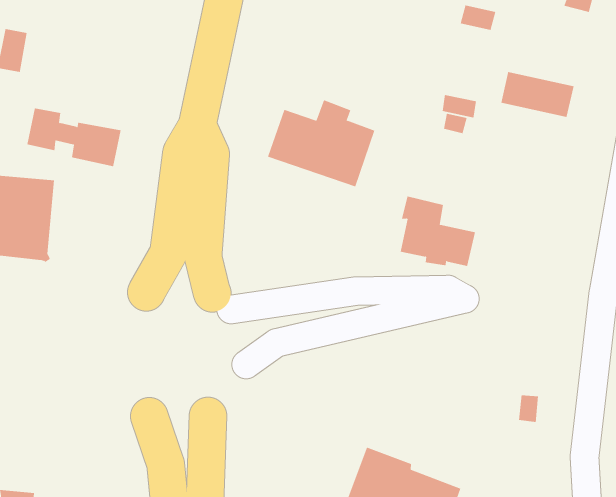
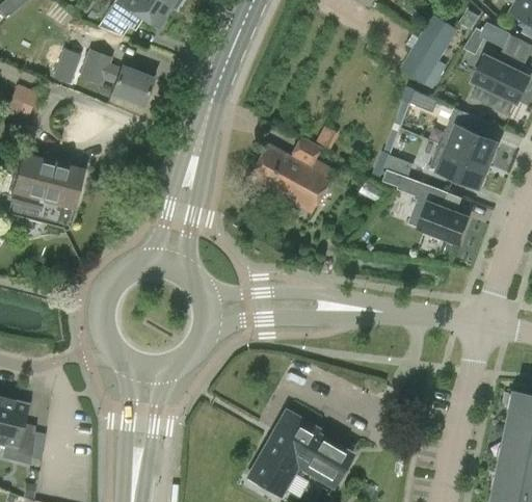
building: none -> [440,111,498,164]
building: [27,108,121,167] -> [79,51,153,106]
building: [400,196,476,266] -> [408,181,469,242]

